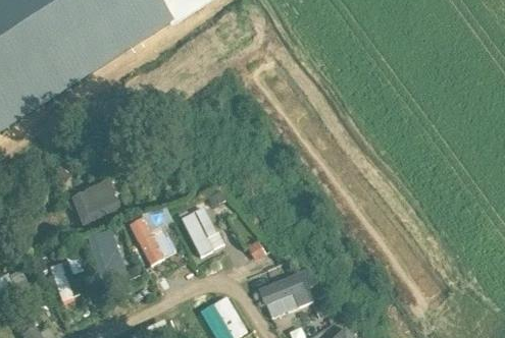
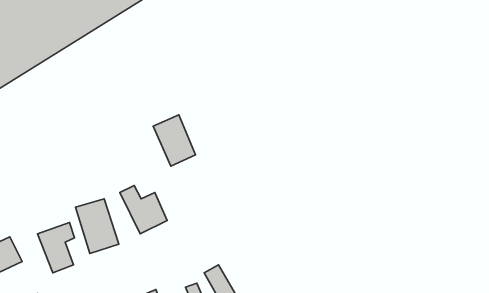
building: [69,179,123,226] -> none
building: [182,206,223,257] -> [153,115,195,166]
building: [259,271,314,316] -> none

